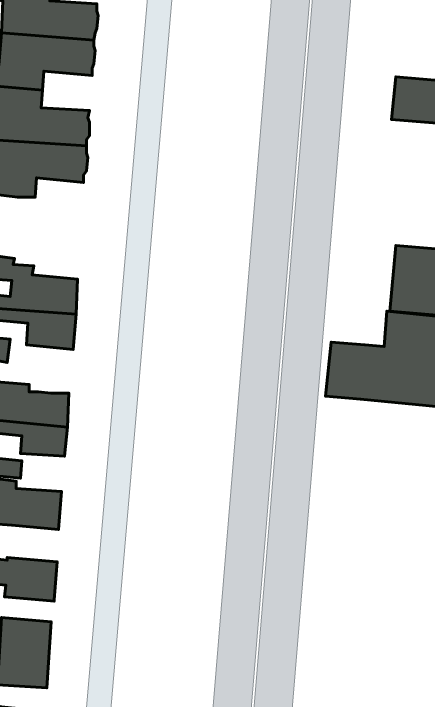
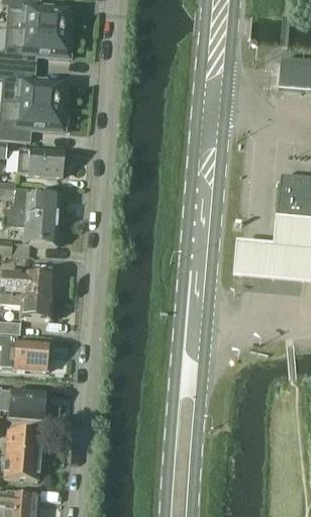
building: none -> [17,148,64,174]

